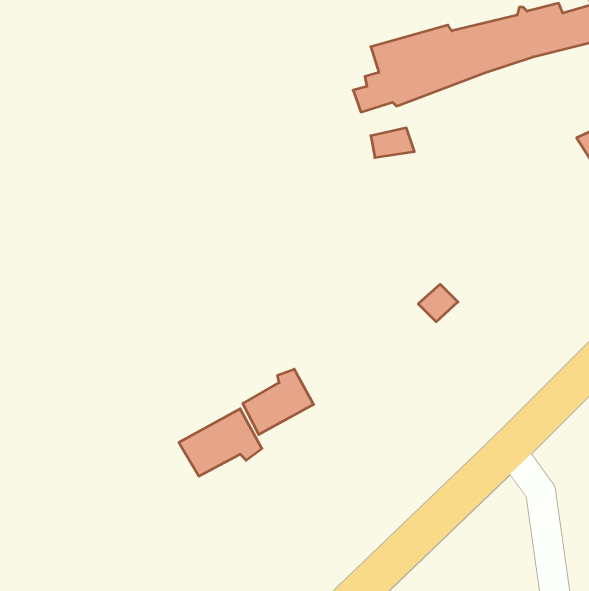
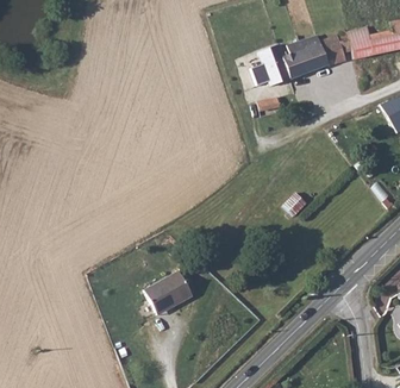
building: [243,369,314,435] -> none

